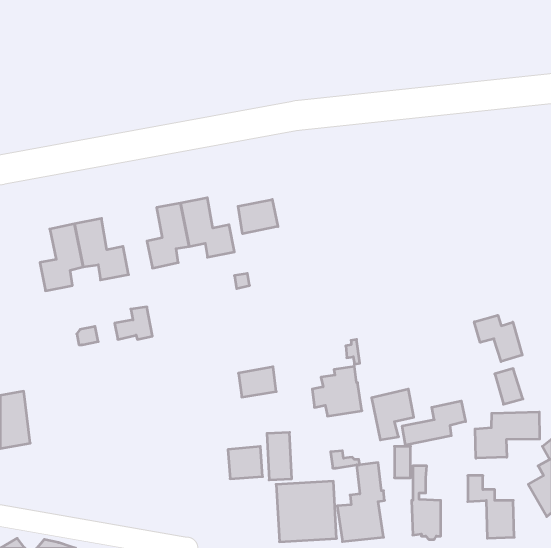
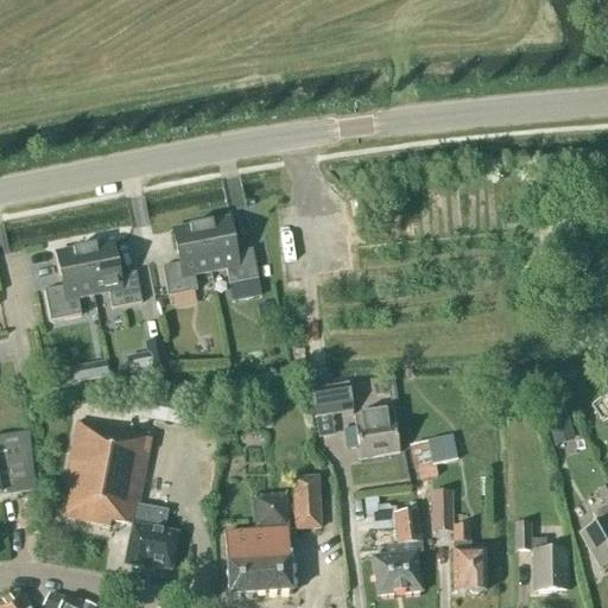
building: [238,199,278,234] -> none
building: [474,315,522,362] -> none
building: [238,367,276,397] -> [311,382,353,416]
building: none -> [59,420,178,569]
building: [402,401,466,445] -> none
building: [475,412,540,458] -> none
building: [276,481,337,542] -> [226,528,292,595]

